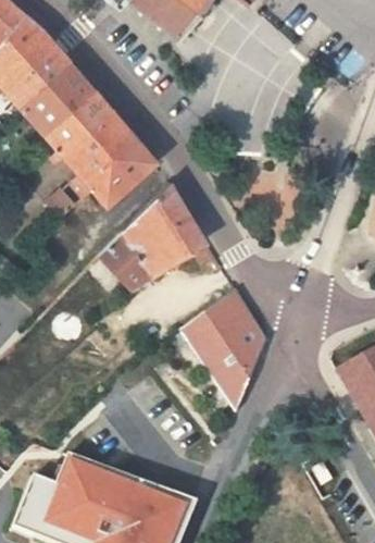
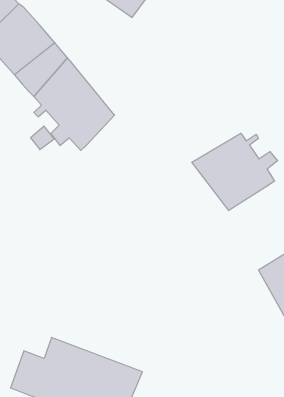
building: none -> [192,133,278,210]
building: [107,190,203,292] -> none
building: [174,288,266,417] -> none

